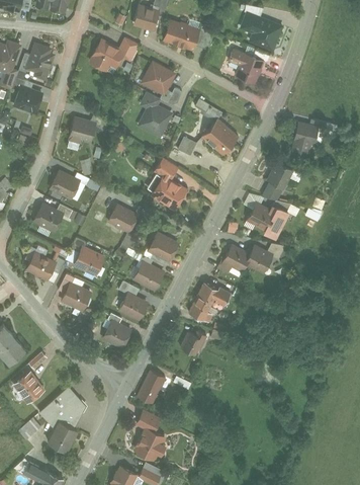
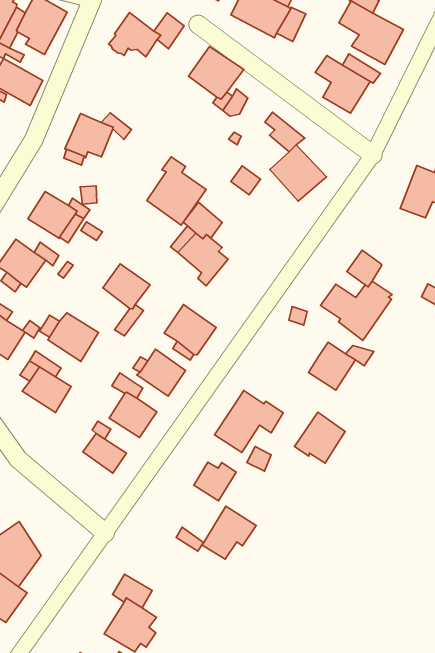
building: [136,93,173,137] -> [147,157,206,225]
building: [265,158,291,186] -> none
building: [217,242,249,274] -> [295,412,345,463]
building: [137,369,170,403] -> [202,506,256,559]

